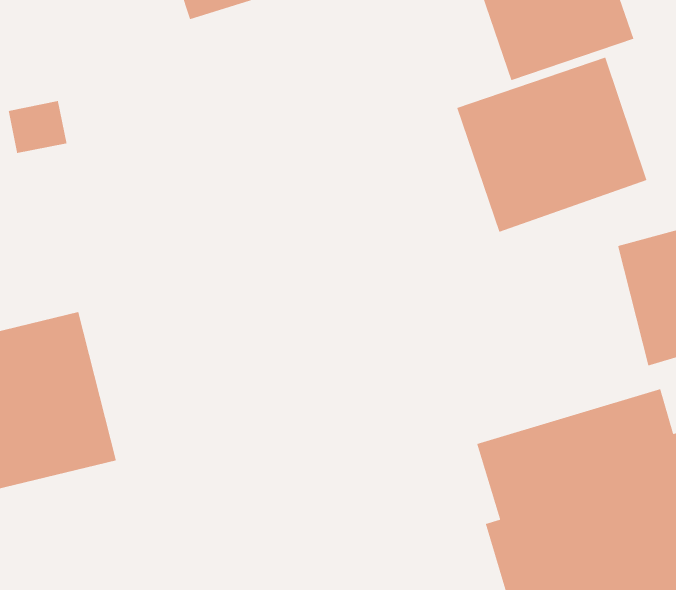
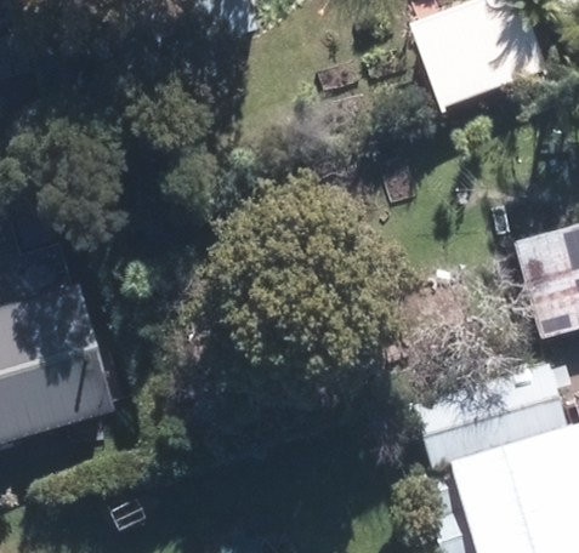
building: [456,57,647,233] -> none

